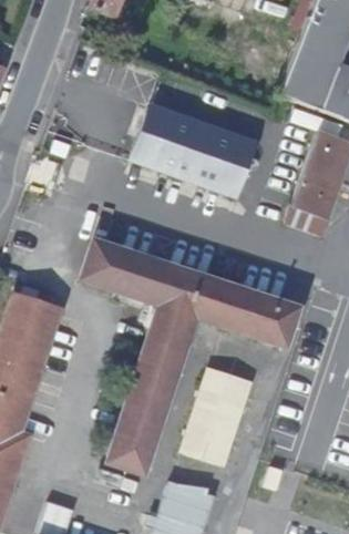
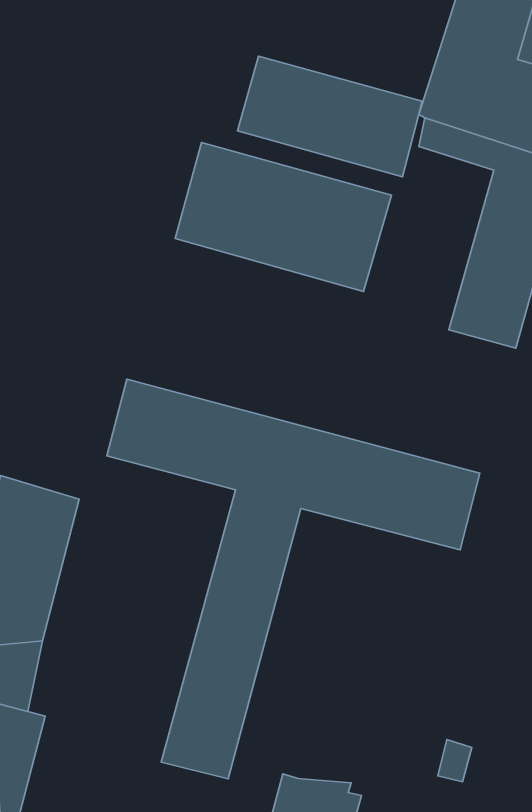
building: none -> [237,56,422,177]
building: [183,363,254,461] -> none

